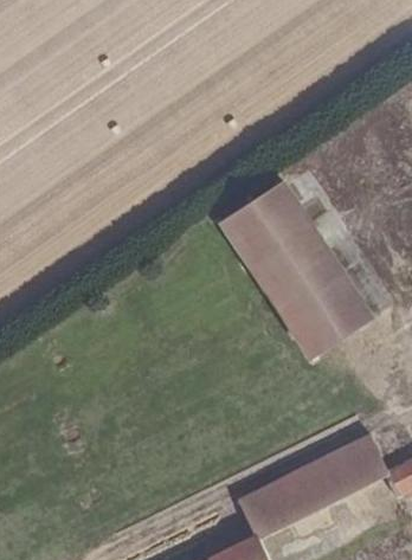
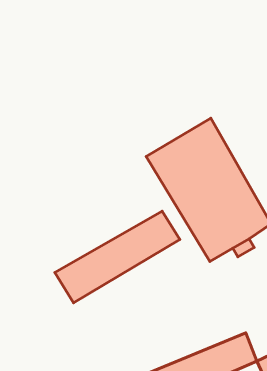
building: none -> [55,211,180,303]

